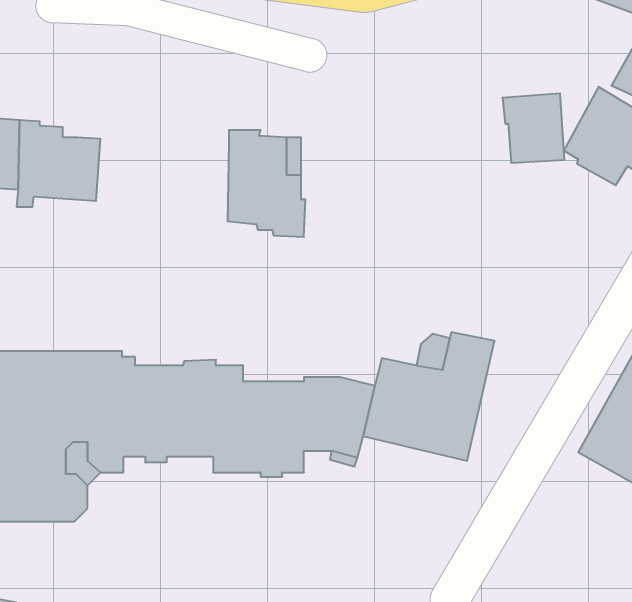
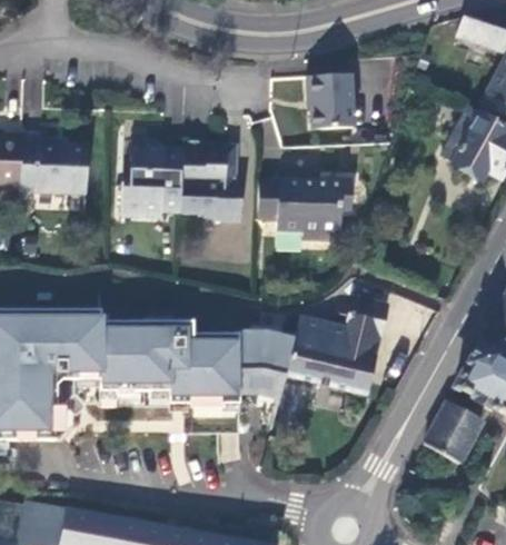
building: [502,93,564,163] -> [307,73,355,127]
building: none -> [118,140,183,219]
building: none -> [258,178,350,242]
building: none -> [423,400,483,463]

